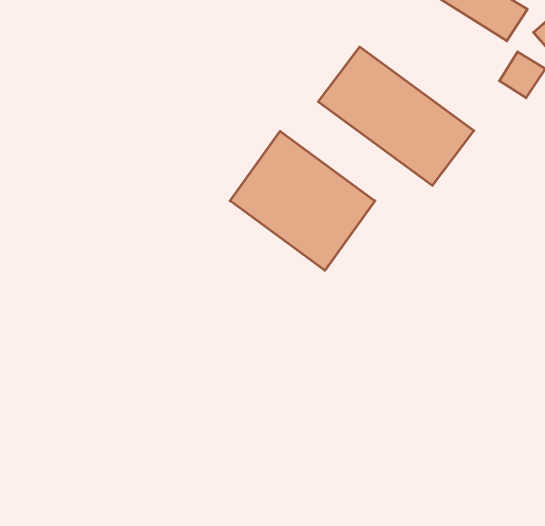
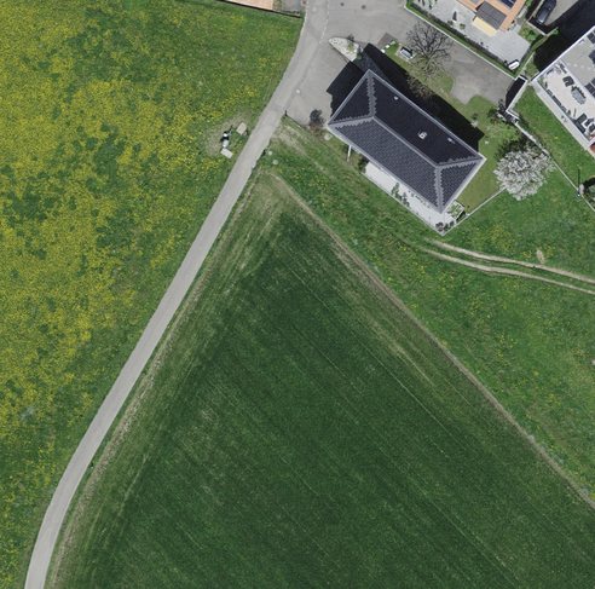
building: [230,131,375,270] -> none

